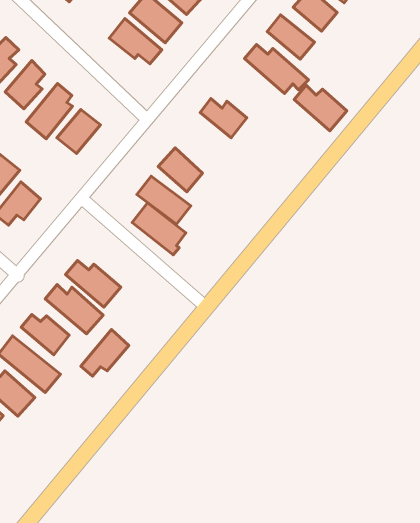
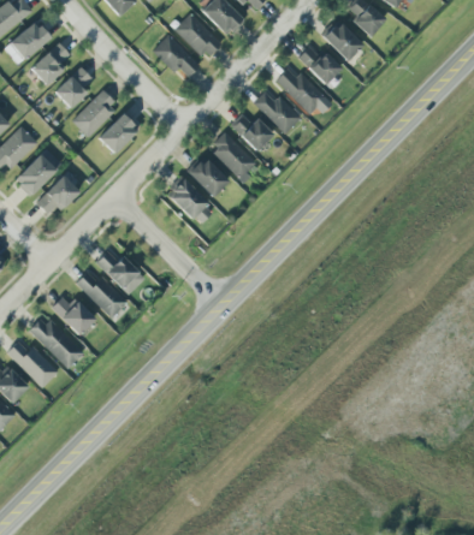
building: [294,85,347,131] -> [253,91,300,135]
building: [132,203,186,255] -> [208,132,256,182]
building: [81,330,129,376] -> none

